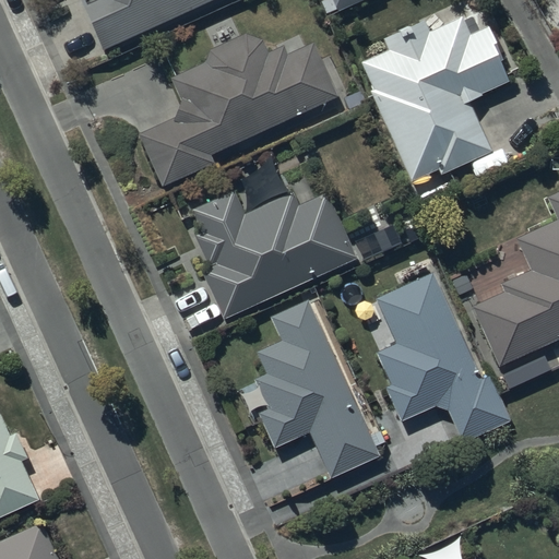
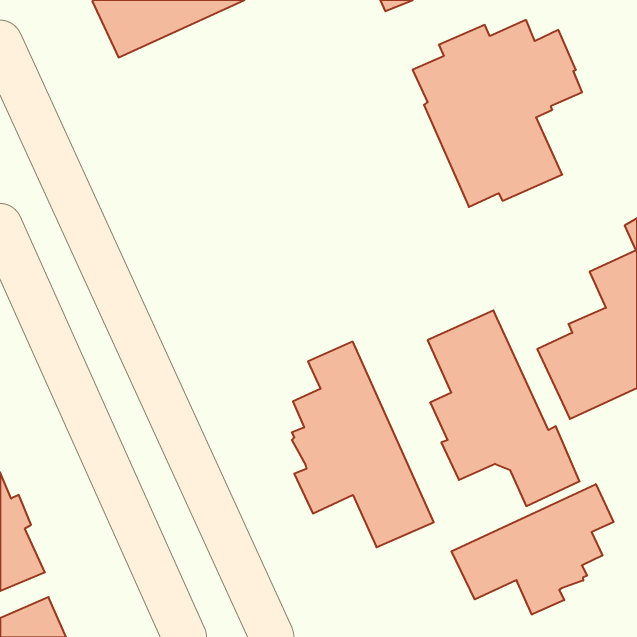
building: [140,36,337,187] -> none
building: [191,191,356,319] -> none
building: none -> [452,484,614,615]

